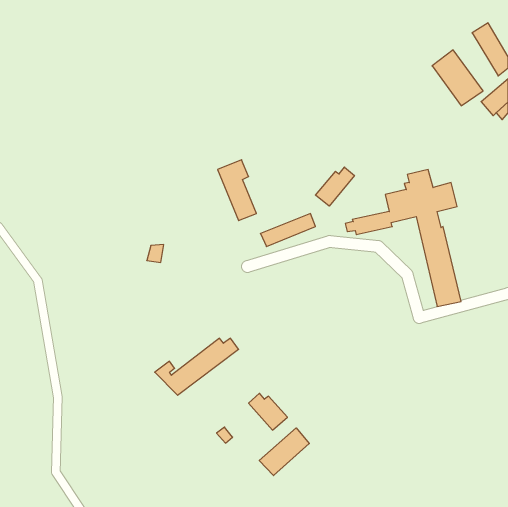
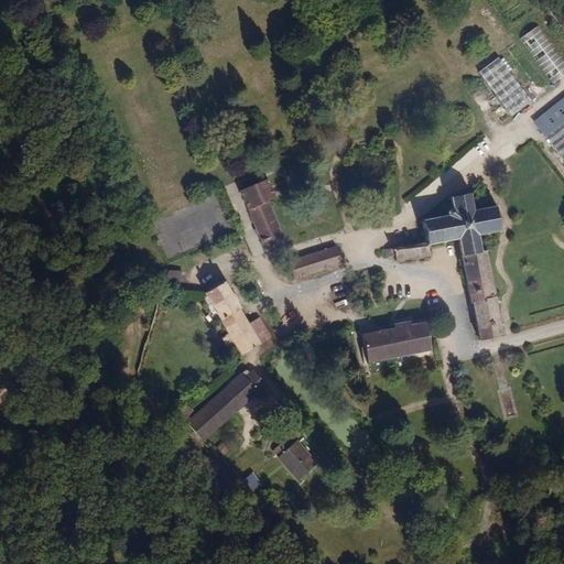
building: [315,167,354,206] -> none
building: none -> [209,279,264,352]
building: none -> [362,321,434,364]
building: [259,428,309,476] -> none

